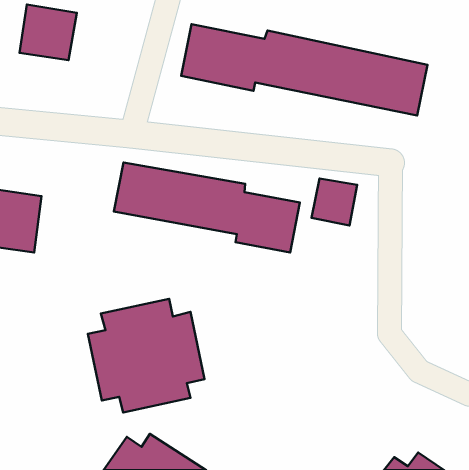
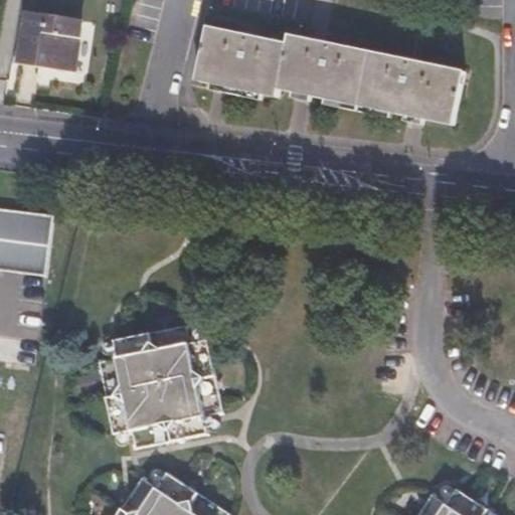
building: [114,162,300,252] -> none
building: [312,178,357,225] -> none

